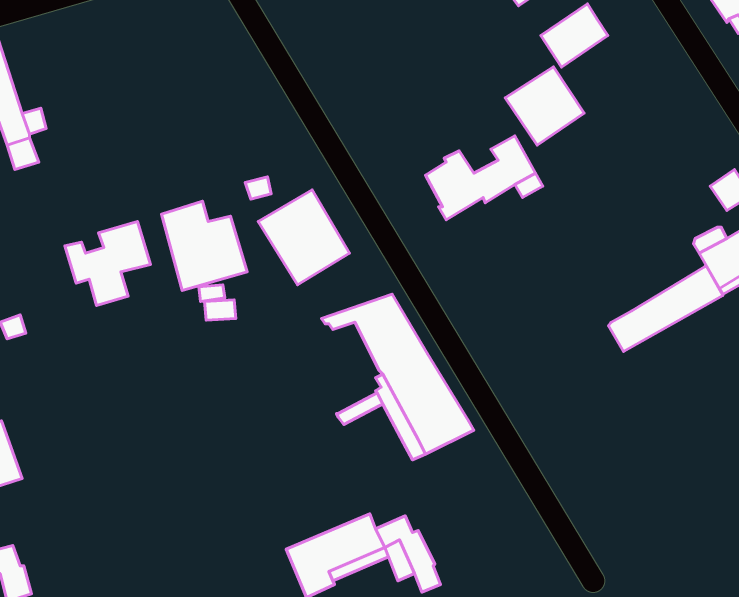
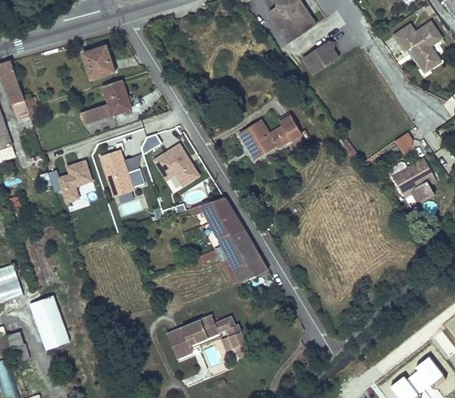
building: none -> [83,45,114,79]
building: [505,67,584,145] -> none
building: none -> [81,79,131,125]
building: [608,265,723,351] -> none
building: none -> [30,296,69,350]

